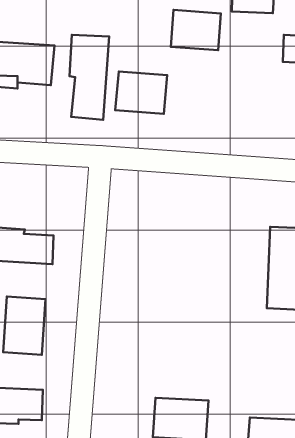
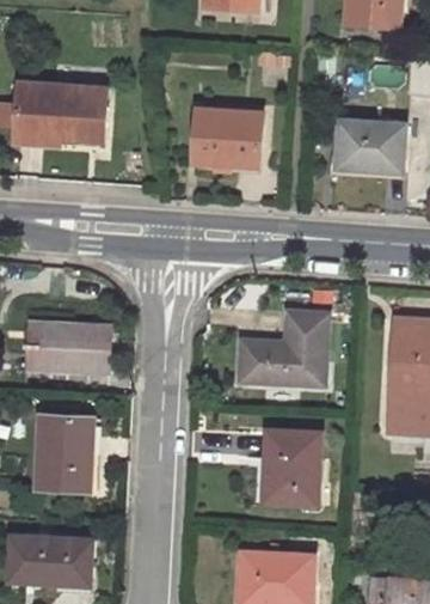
building: [171,10,221,50] -> [338,124,405,178]
building: [69,35,109,120] -> none
building: none -> [239,309,326,382]
building: none -> [262,427,320,501]

